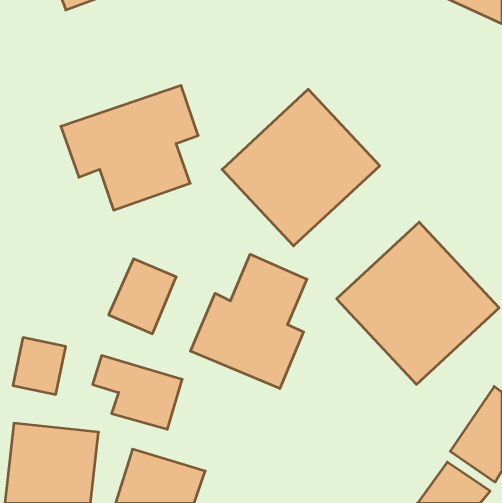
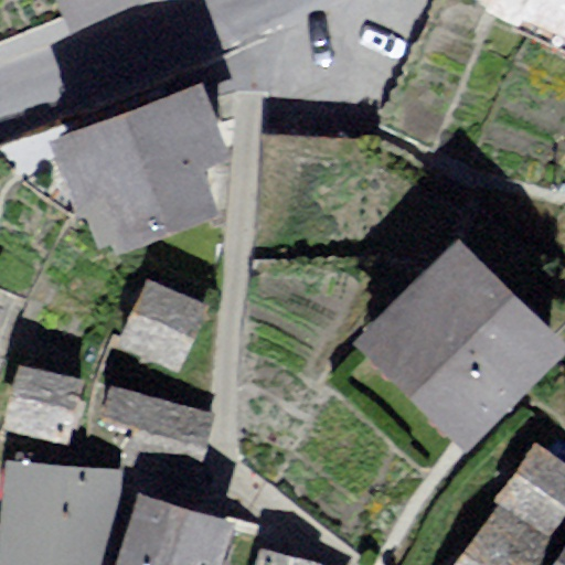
building: [222,89,380,246] -> none
building: [190,254,307,389] -> none

